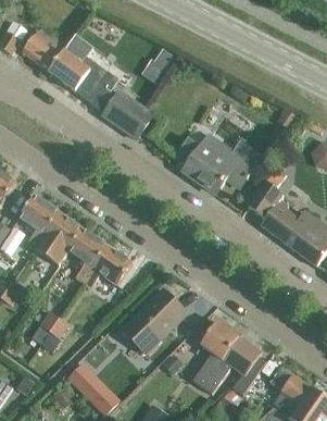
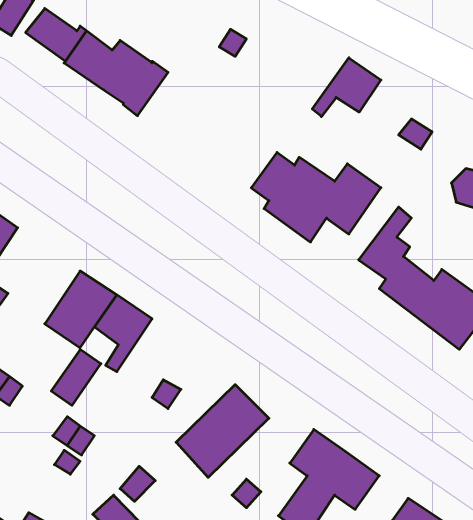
building: none -> [312,58,381,117]
building: [102,90,152,138] -> none
building: [18,195,58,248] -> none
building: [83,245,131,286] -> none

